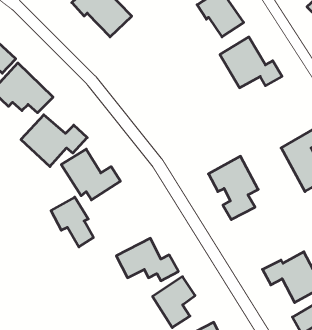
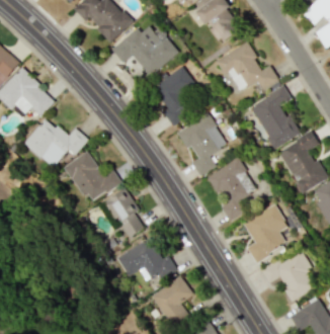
building: none -> [112,26,180,77]
building: none -> [153,67,195,126]
building: none -> [250,87,300,149]
building: none -> [177,114,227,176]
building: [51,197,93,247] -> [103,189,145,238]
building: none -> [243,204,287,262]

